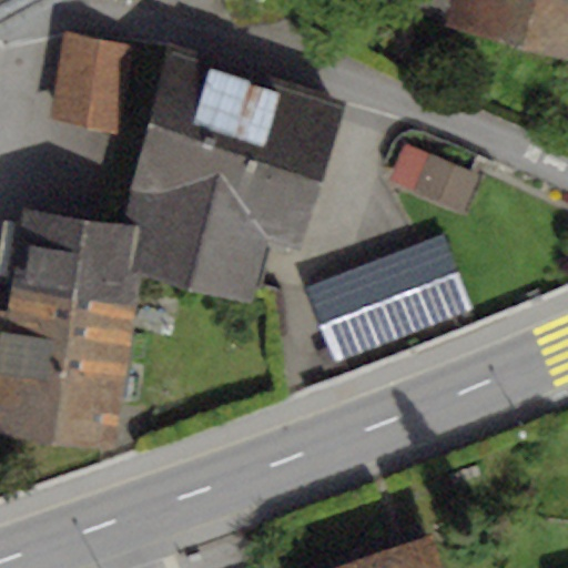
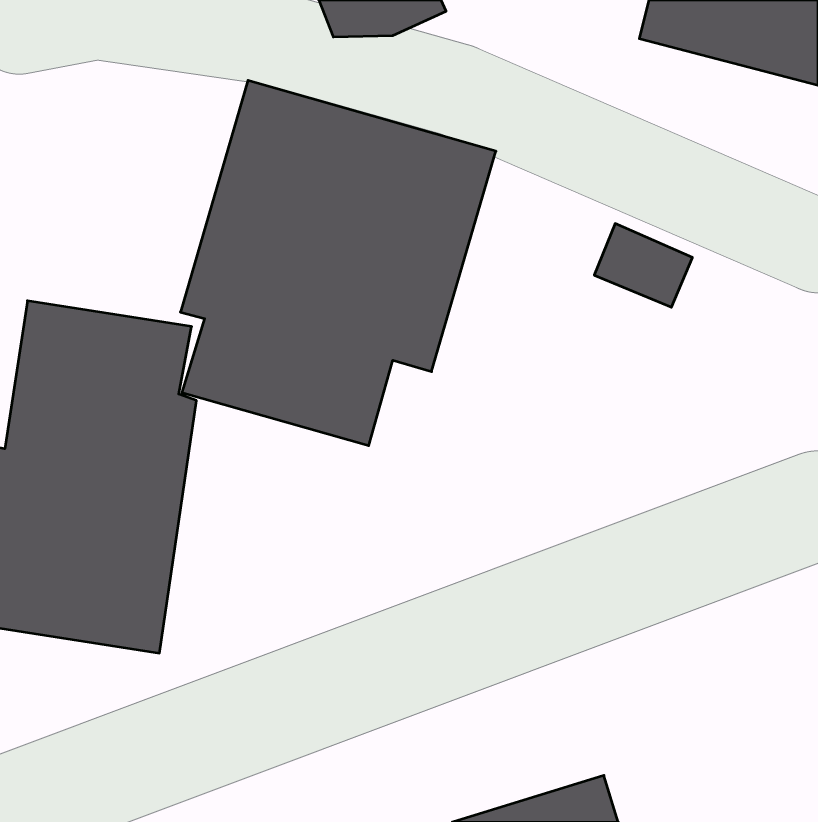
building: [47,36,131,133] -> none
building: [301,233,469,362] -> none

